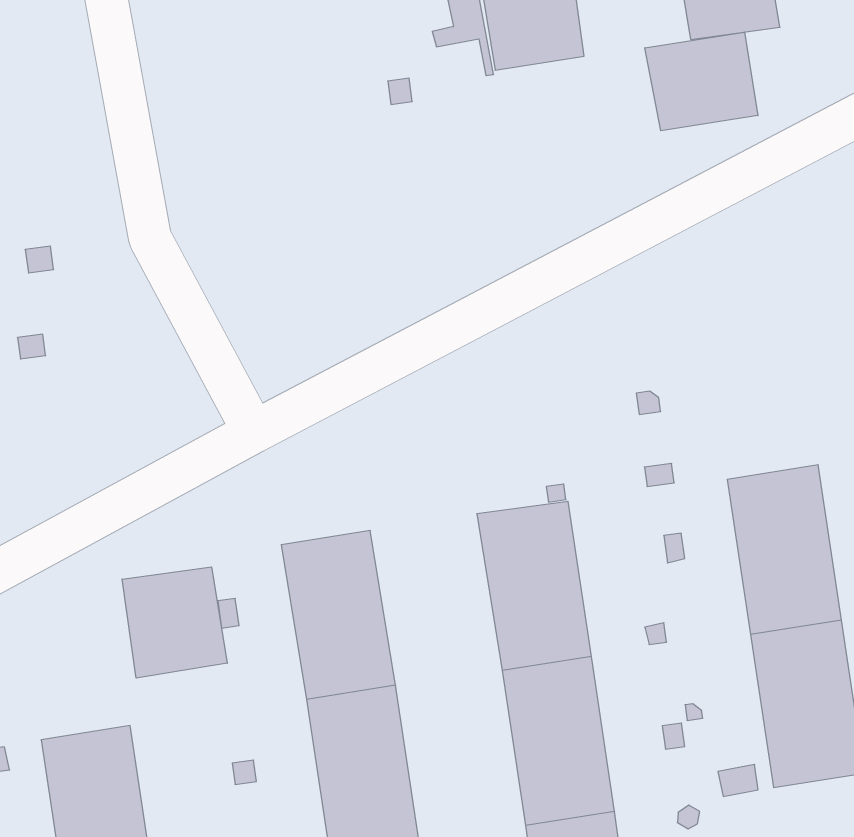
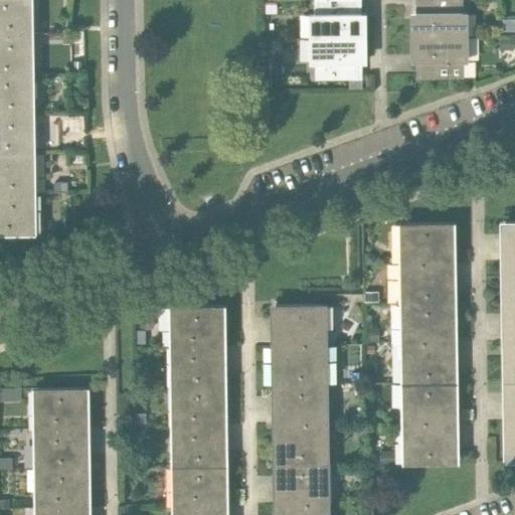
building: [645,32,758,131] -> none
building: none -> [404,223,453,305]
building: [122,567,227,678] -> none

